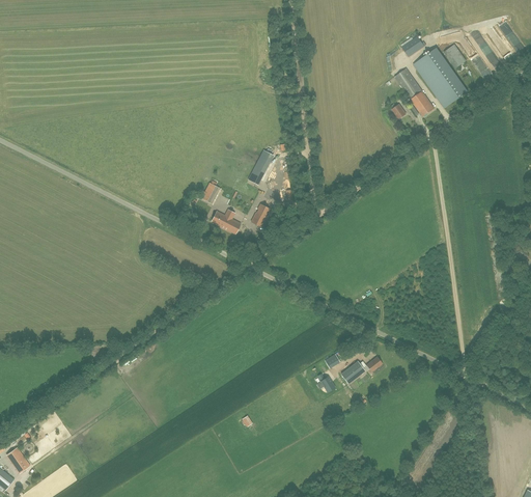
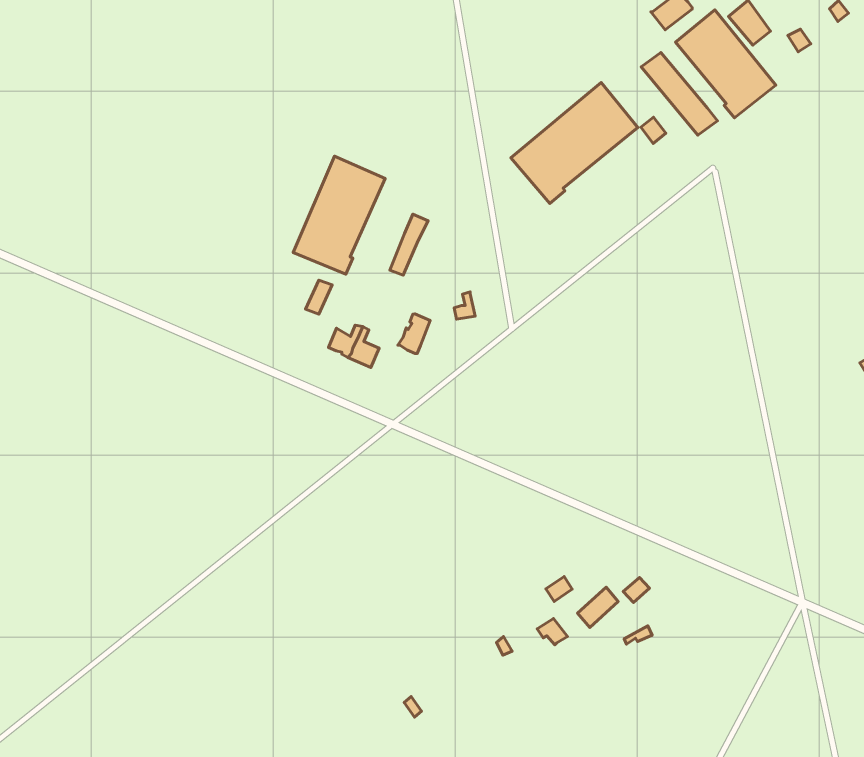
building: none -> [511,82,638,203]
building: none -> [293,156,385,274]

